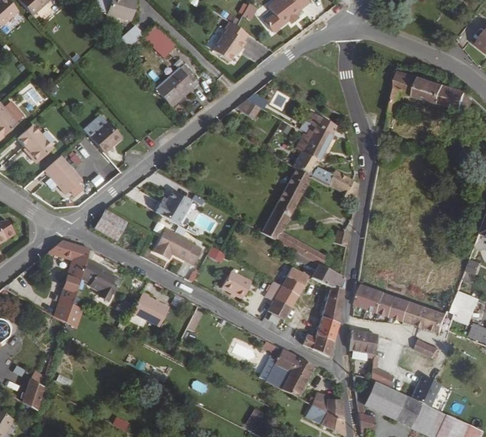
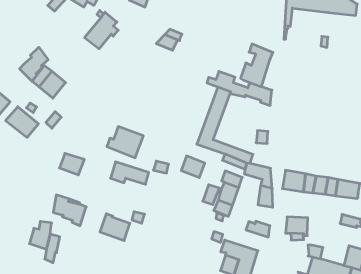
building: none -> [20,47,48,81]
building: [298,107,341,159] -> [241,44,273,87]
building: [49,243,91,294] -> none
building: [223,273,252,301] -> [181,156,205,178]
building: [317,313,340,340] -> none

